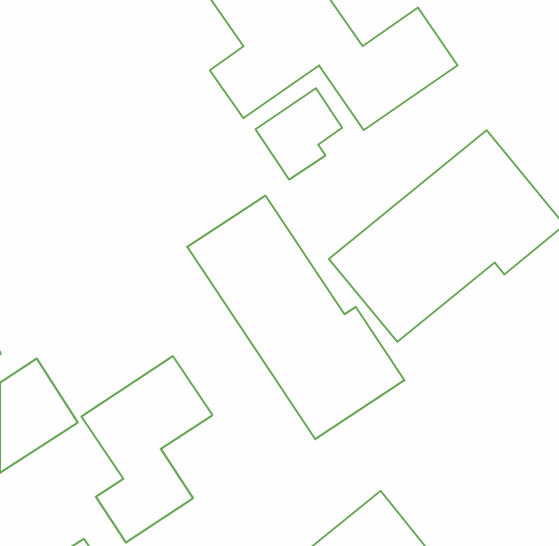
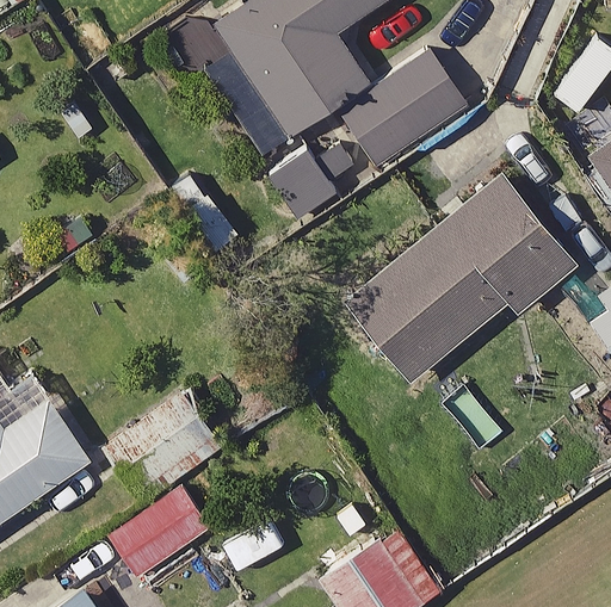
building: [187,196,405,439] -> none

